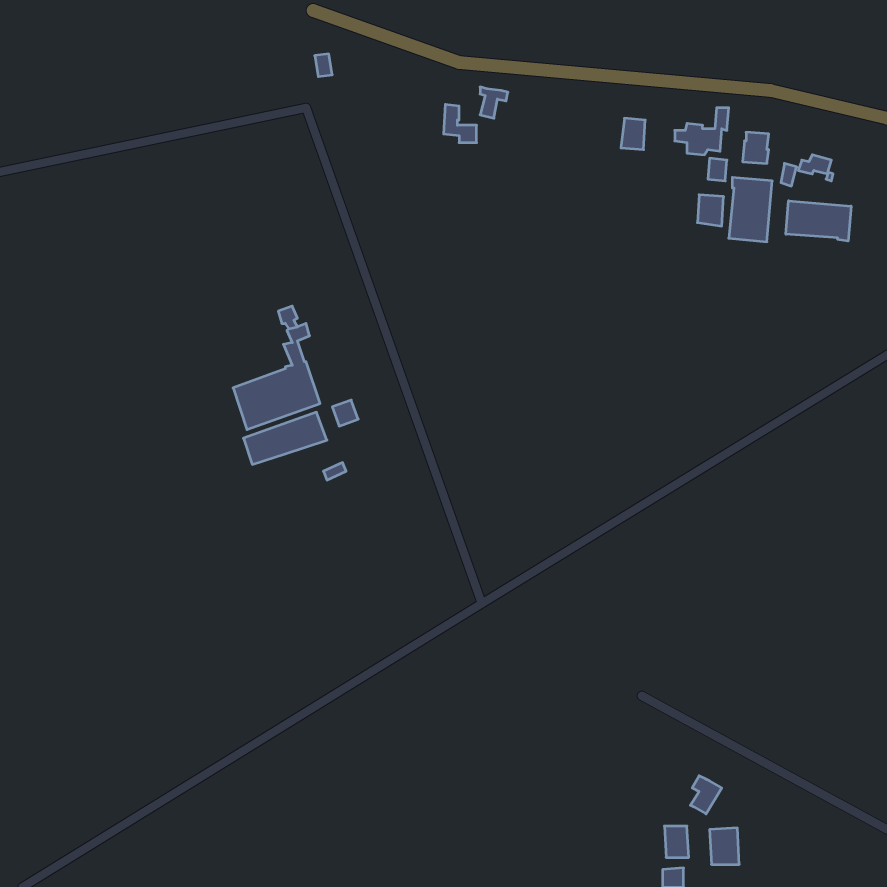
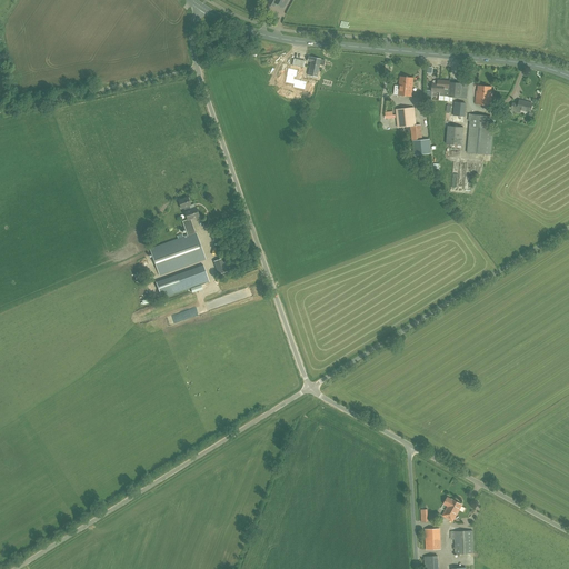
building: none -> [396,107,421,140]
building: [786,201,851,241] -> none

